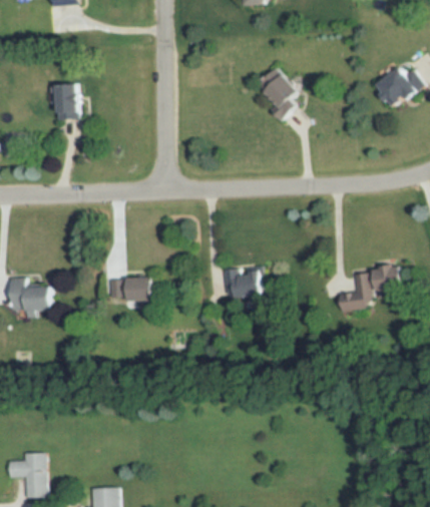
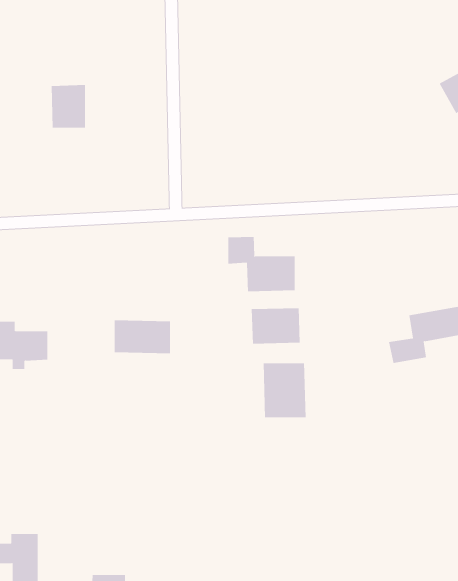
building: [260,67,301,121] -> none
building: none -> [228,236,295,292]
building: none -> [263,362,306,418]

